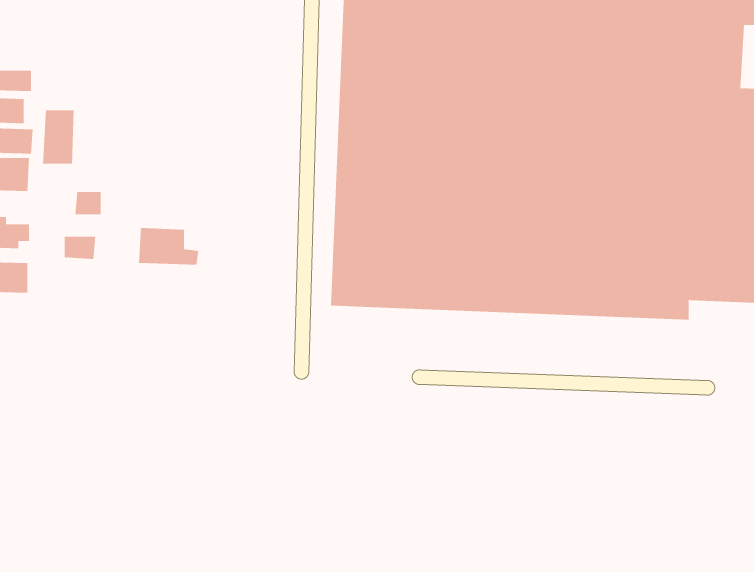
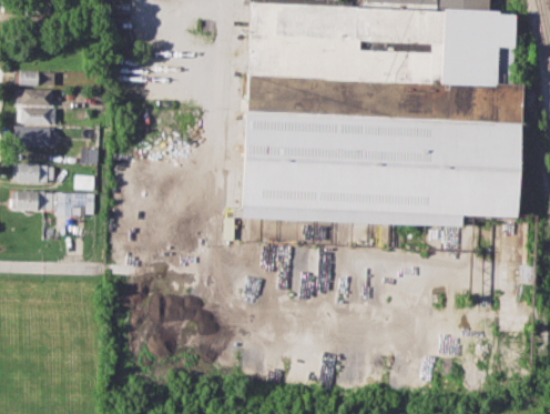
building: [42,109,74,165] -> none
building: [138,228,199,265] -> [58,193,95,216]

